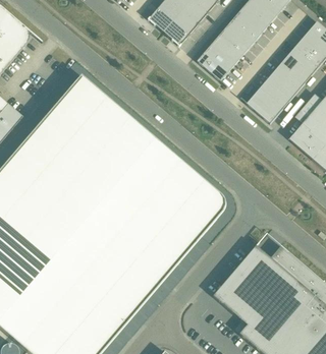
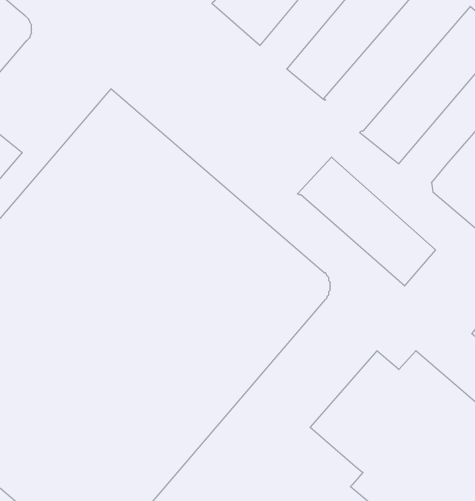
building: none -> [297,157,436,286]

